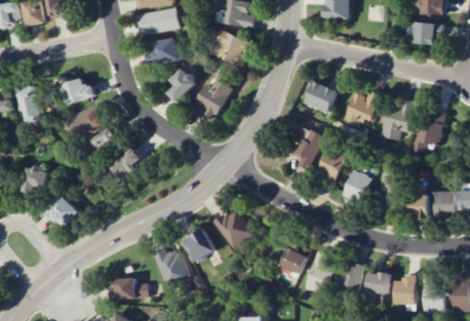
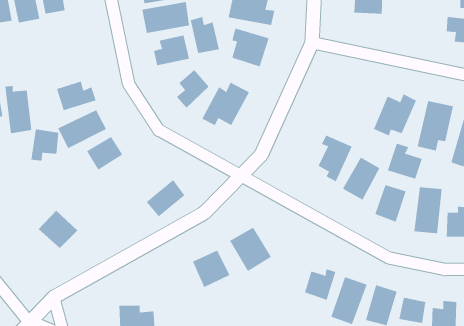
building: none -> [190,16,219,54]
building: [305,81,338,113] -> none
building: none -> [387,143,423,180]
building: [109,147,144,180] -> [146,179,185,217]
building: [23,166,48,195] -> [31,129,59,161]
building: [153,244,191,289] -> none

